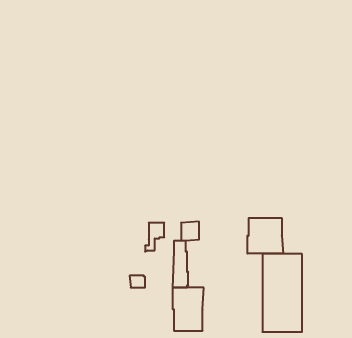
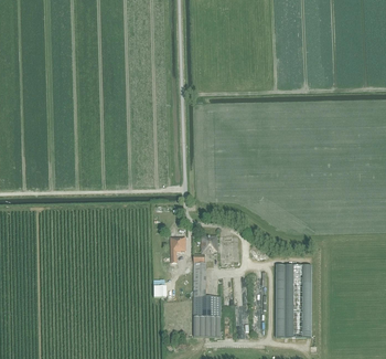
building: [247,218,283,254] -> none

